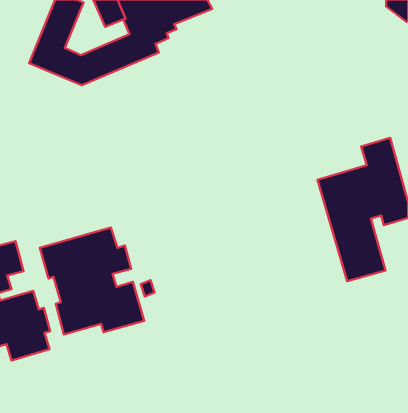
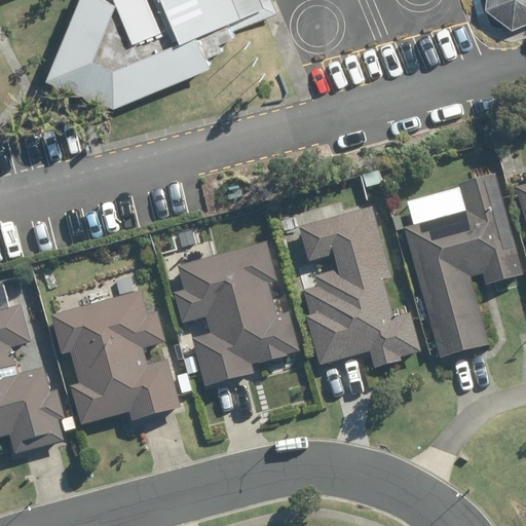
building: none -> [299,206,419,367]
building: none -> [173,242,296,385]

